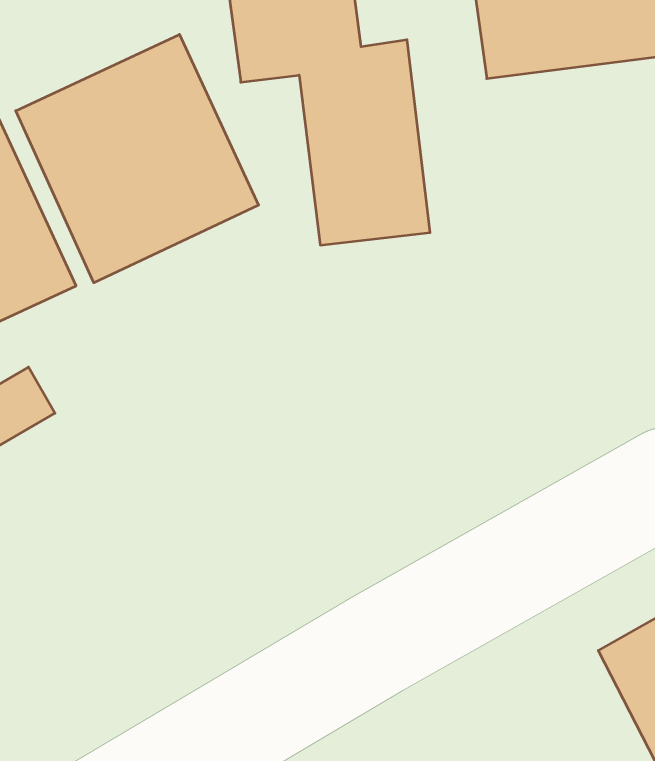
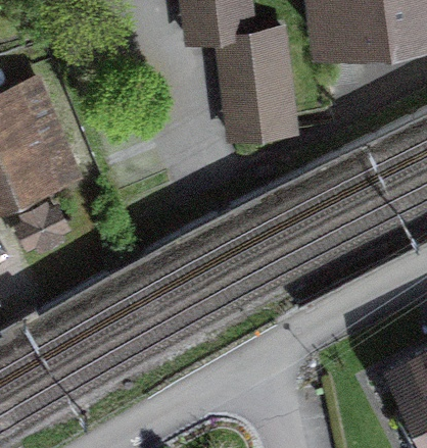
building: [16,34,259,283] -> none

